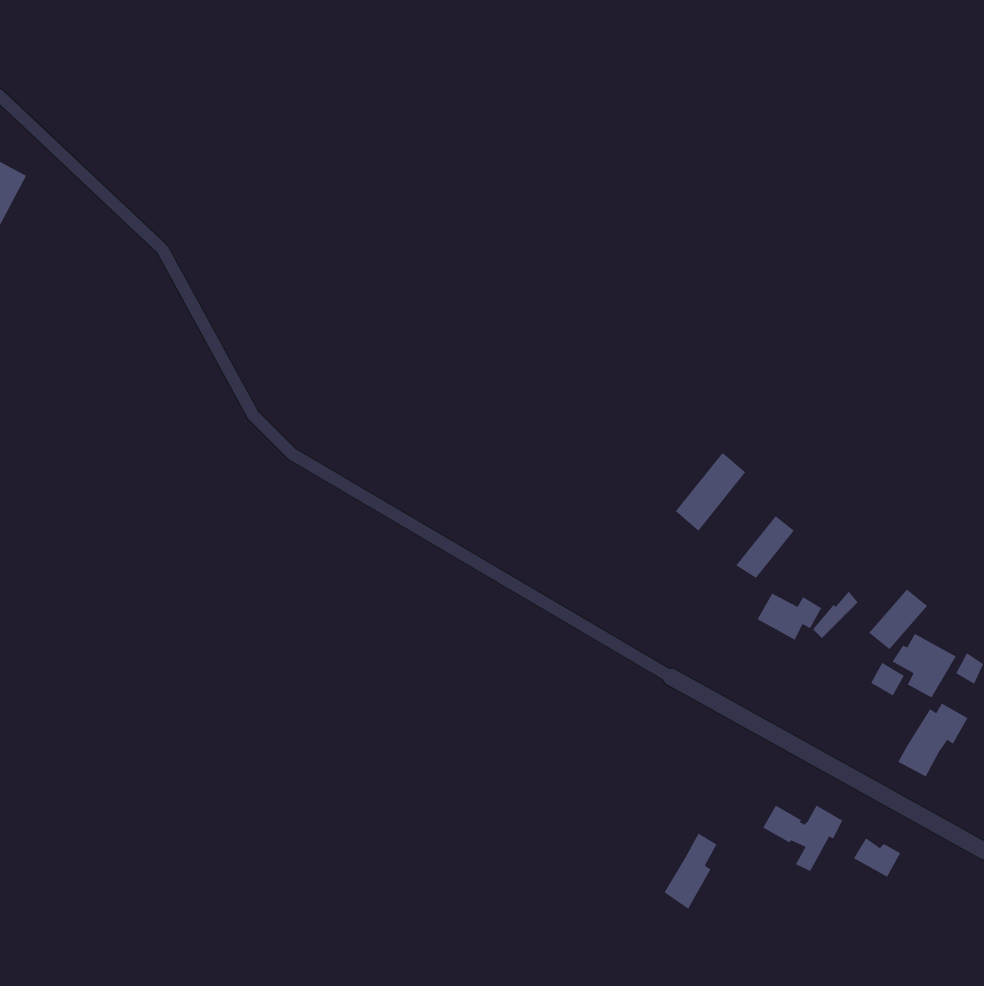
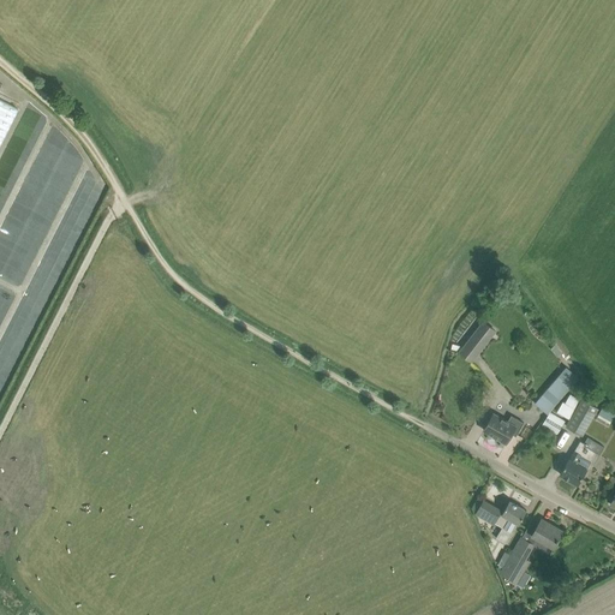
building: [675,452,746,532] -> none
building: [757,592,822,641] -> [482,413,523,443]
building: [663,833,717,910] -> [498,537,532,585]

